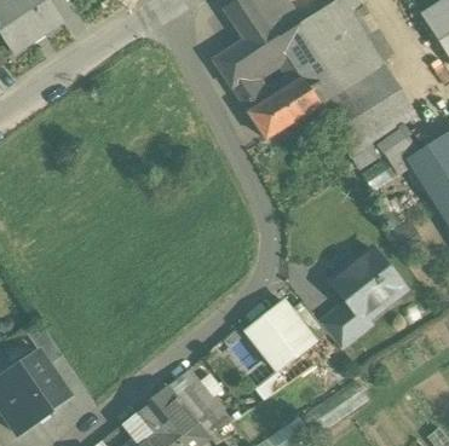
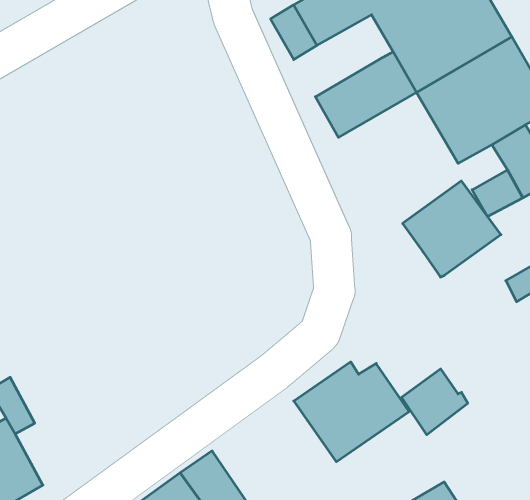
building: [230,77,290,114] -> none
building: [332,249,402,318] -> [403,181,501,277]

